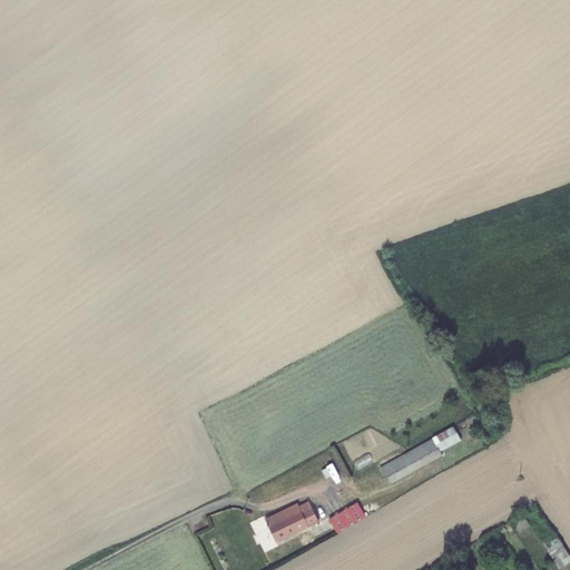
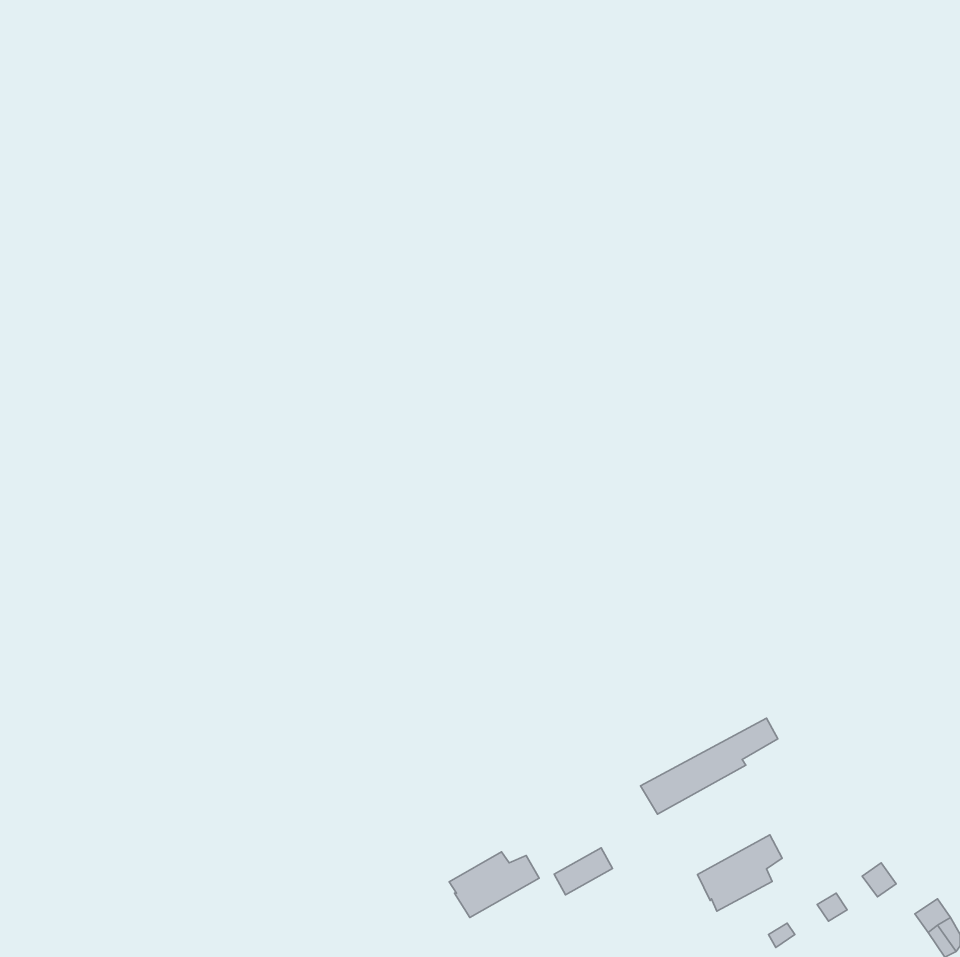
building: none -> [697,835,782,911]

